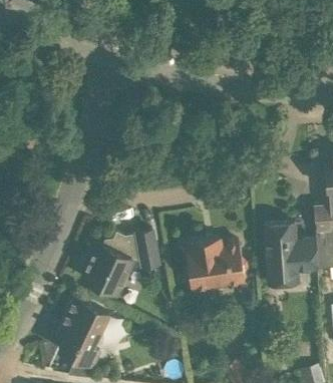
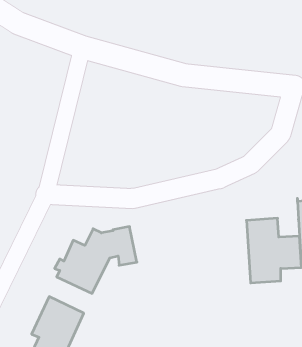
building: [183,238,247,290] -> none

